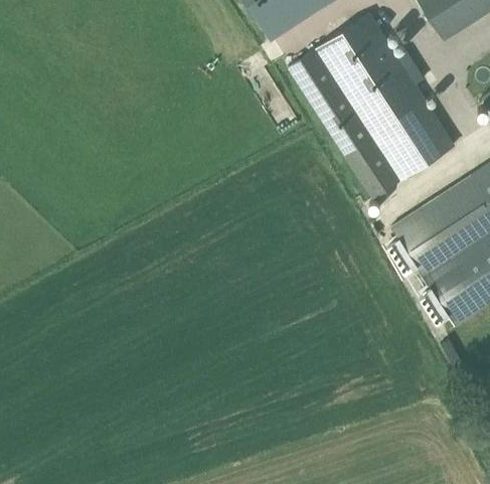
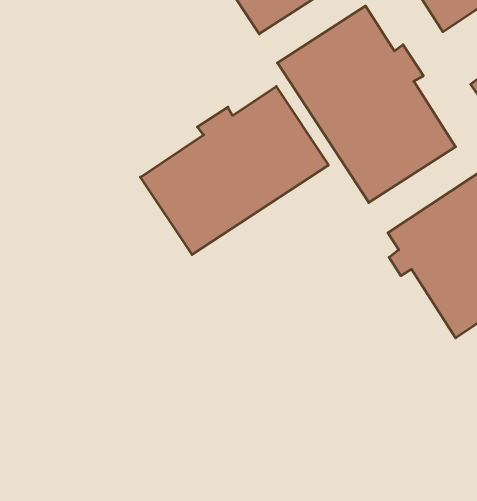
building: none -> [140,86,328,255]

